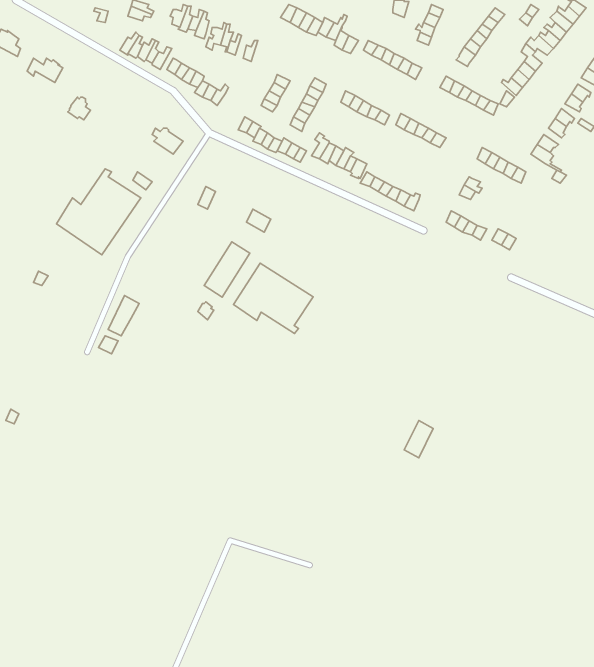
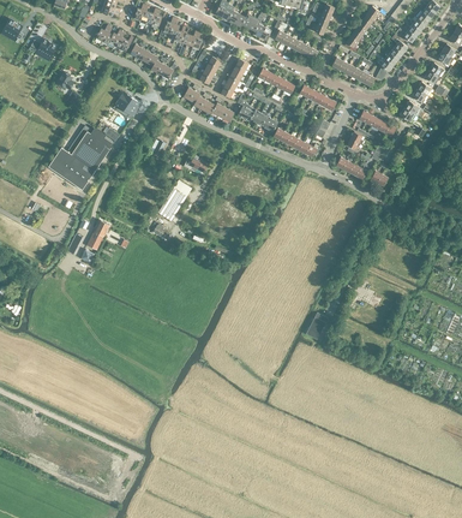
building: [234,263,313,333] -> none

